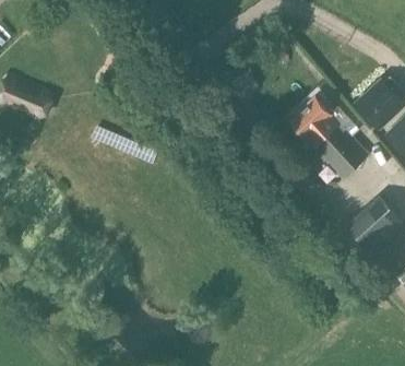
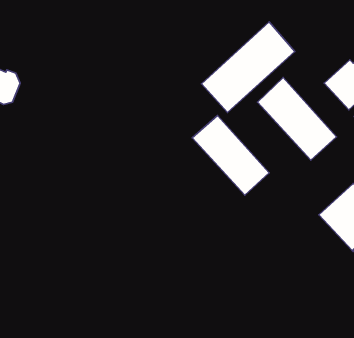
building: none -> [202,22,295,112]
building: none -> [192,116,269,195]

